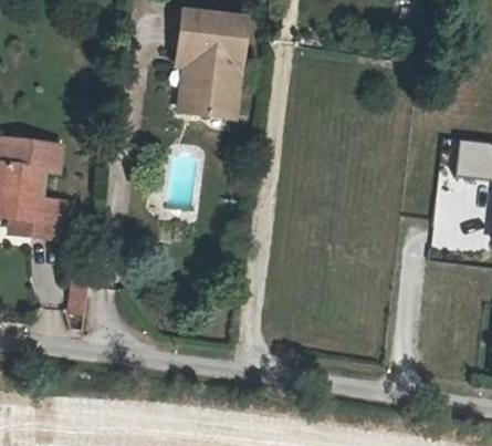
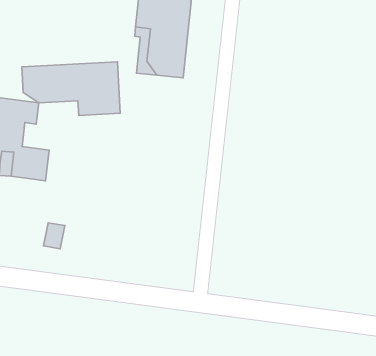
building: none -> [22,62,120,115]

